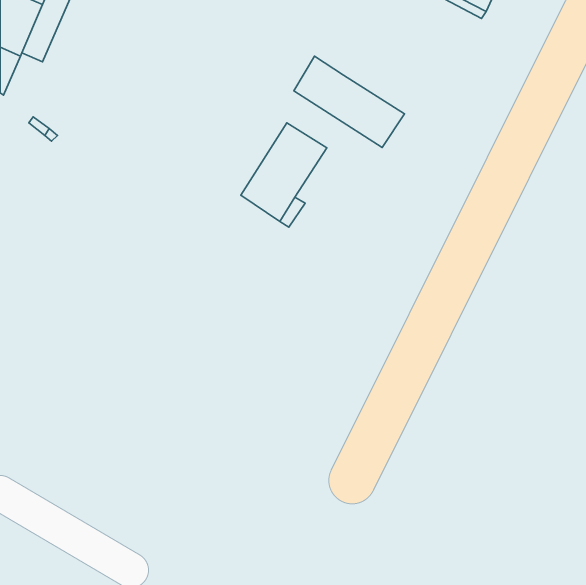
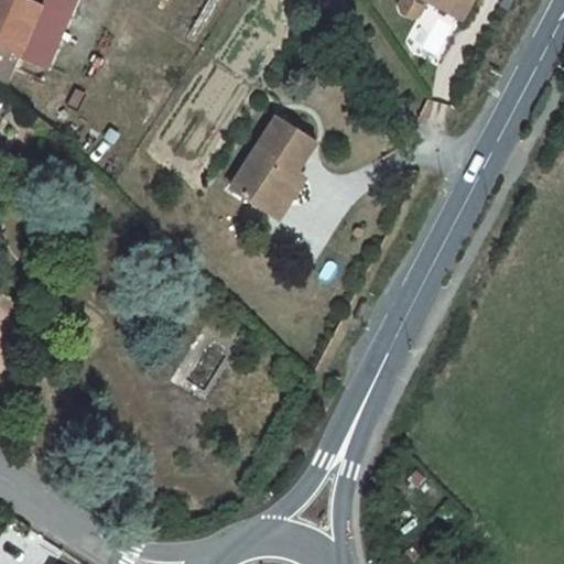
building: [294,56,404,148] -> none

